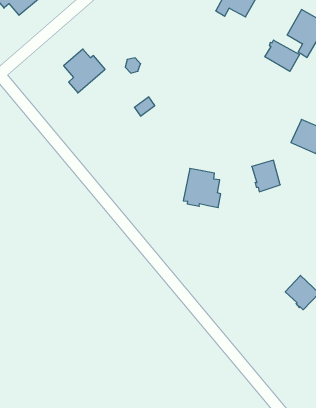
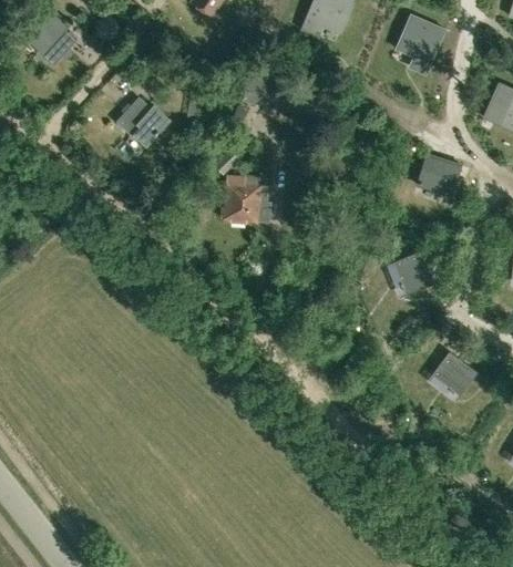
building: [265,40,299,71] -> none
building: [252,160,280,192] -> [392,251,431,293]
building: [183,168,221,208] -> [224,176,270,223]

